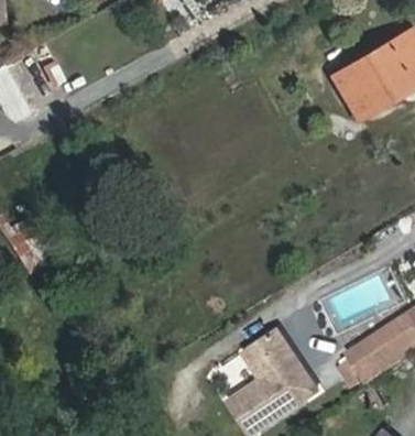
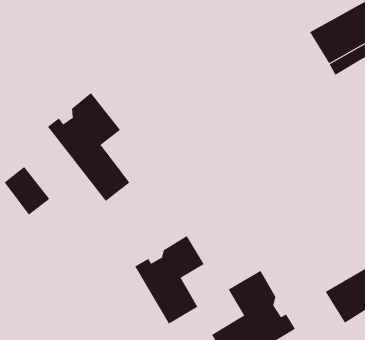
building: none -> [47,92,130,202]
building: none -> [135,235,204,325]

